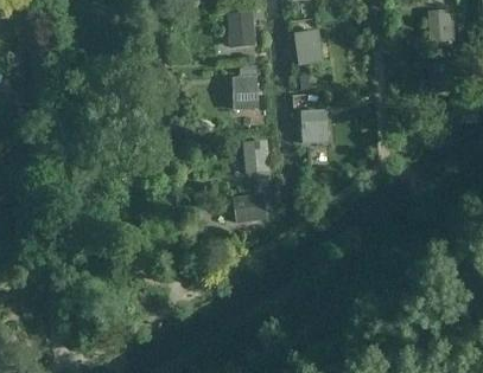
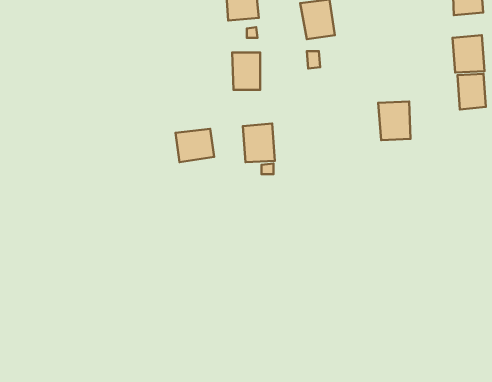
building: none -> [457,74,486,109]
building: [299,108,328,142] -> [378,101,410,140]
building: [231,193,266,223] -> [176,129,214,162]

